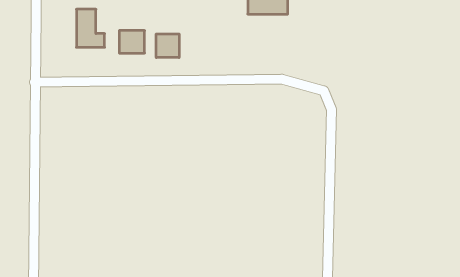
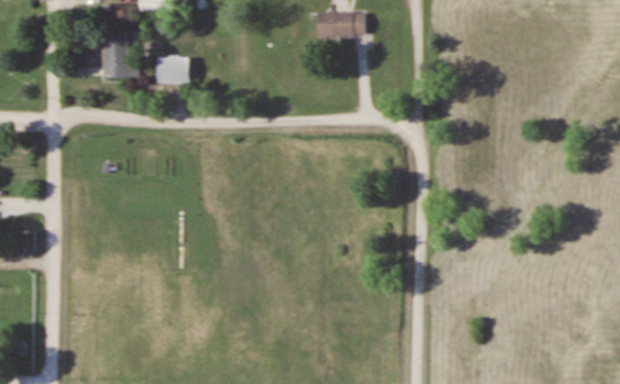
building: [156,34,179,58] -> none

